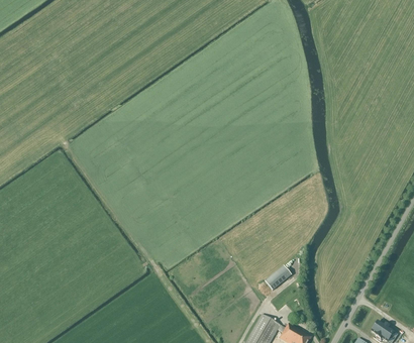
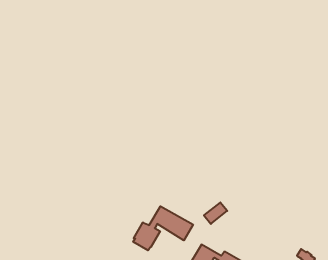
building: none -> [133,206,193,250]

